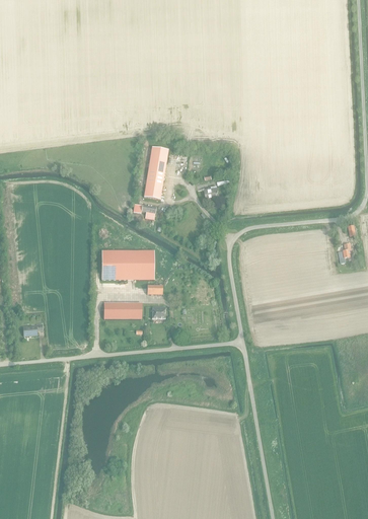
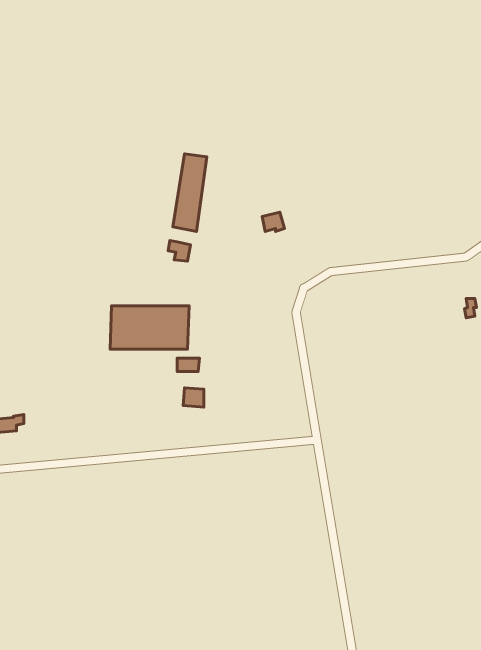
building: [102,303,140,317] -> none

